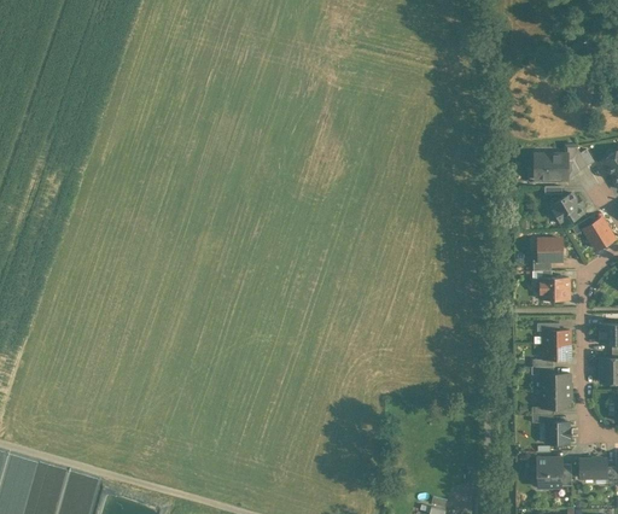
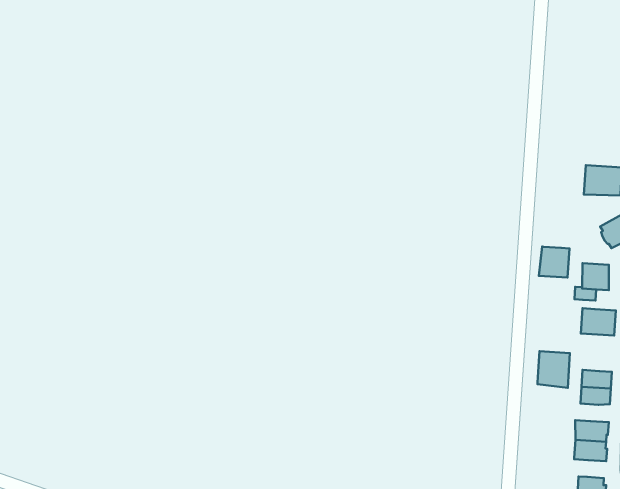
building: none -> [539,247,570,278]
building: none -> [537,351,570,388]

